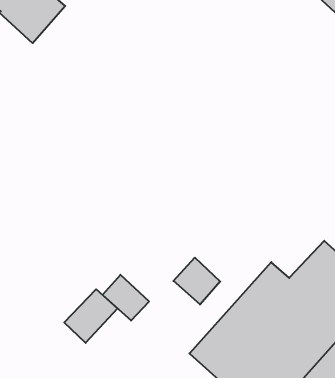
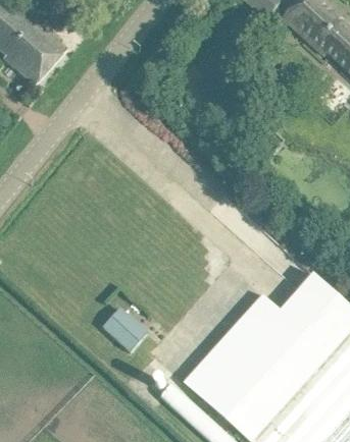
building: [173,258,220,305] -> none
building: [64,289,117,343] -> none

